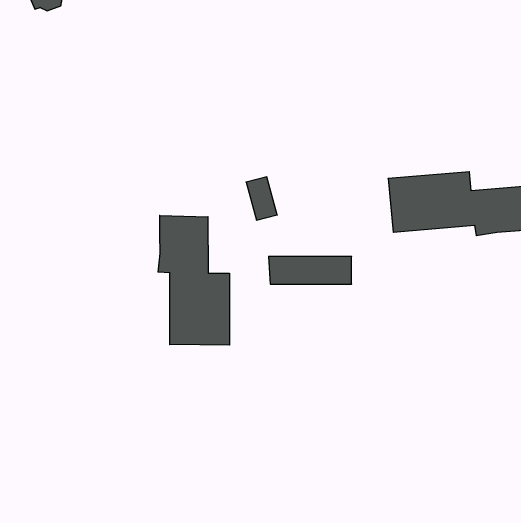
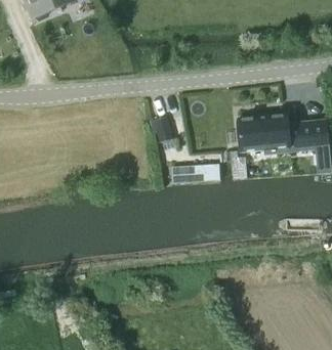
building: [158,215,229,345] -> none

